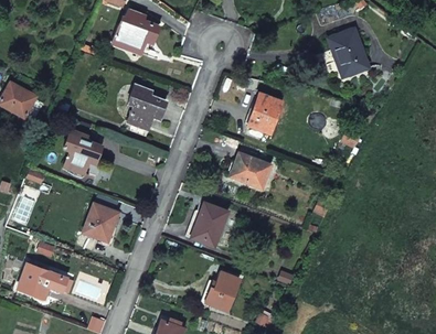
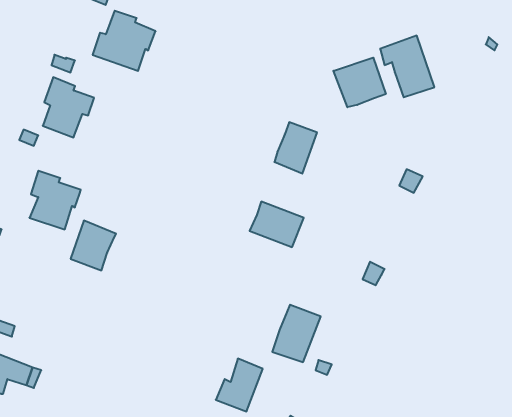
building: none -> [333,58,386,107]
building: [127,85,166,130] -> [43,77,94,137]
building: [84,203,118,240] -> [71,221,116,270]
building: [190,203,226,246] -> [272,305,321,362]

